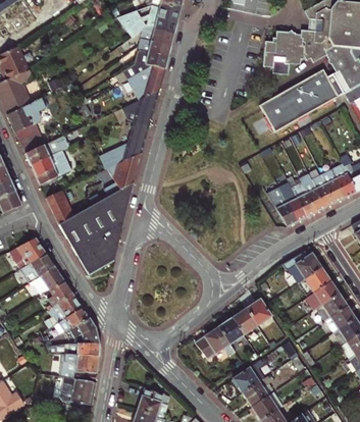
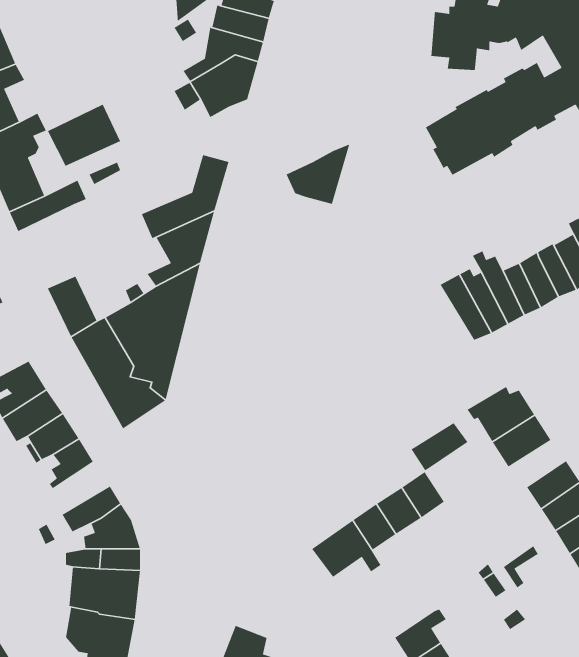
building: [122,90,159,124] -> [285,143,350,205]
building: [30,149,71,184] -> [47,104,121,167]
building: [306,281,339,309] -> [410,422,468,471]
building: [49,294,82,320] -> none
building: [233,363,264,392] -> none

